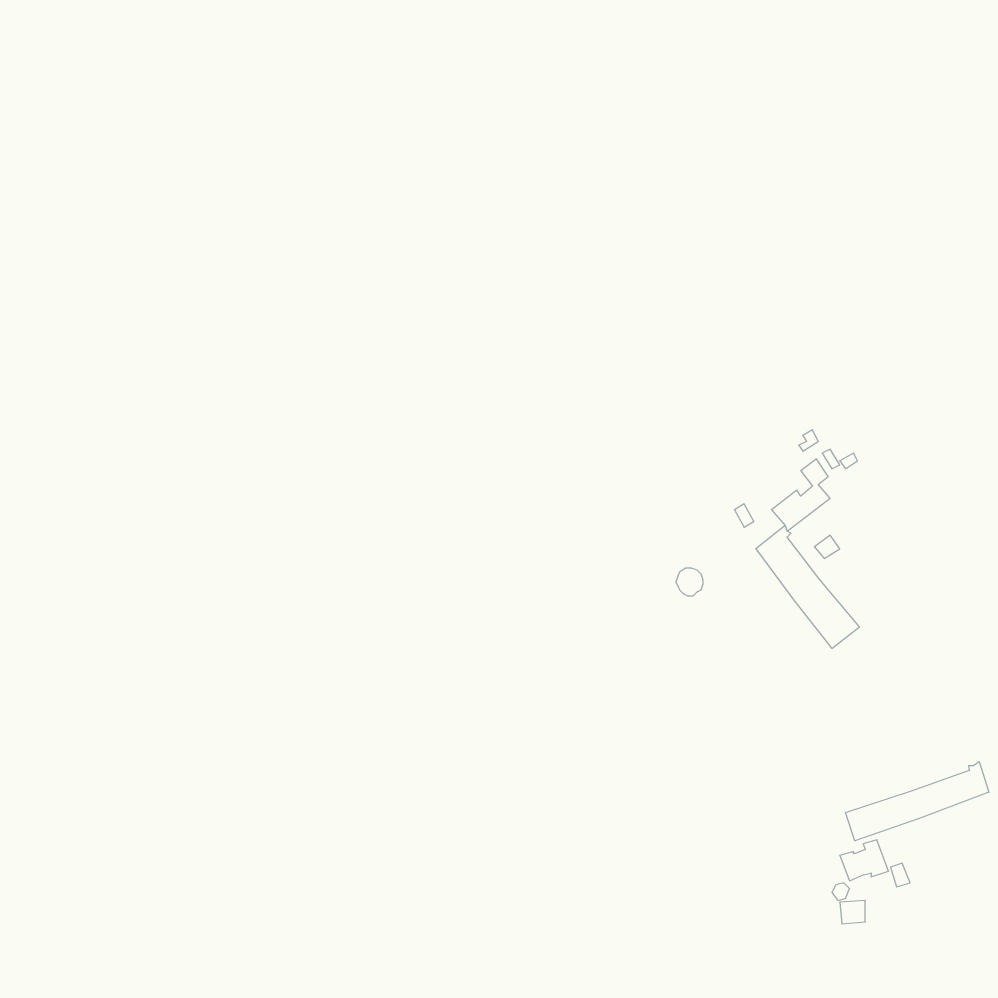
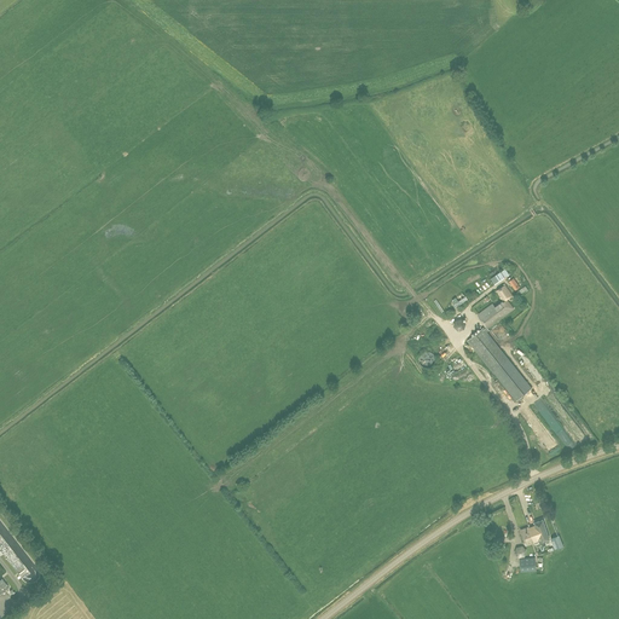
building: [845,762,989,841] -> none

